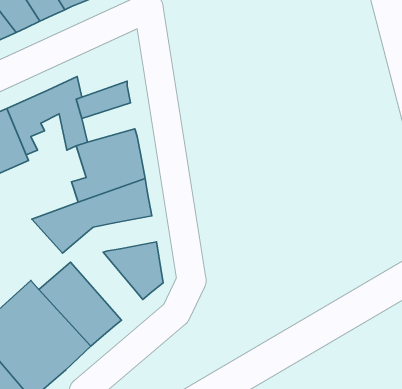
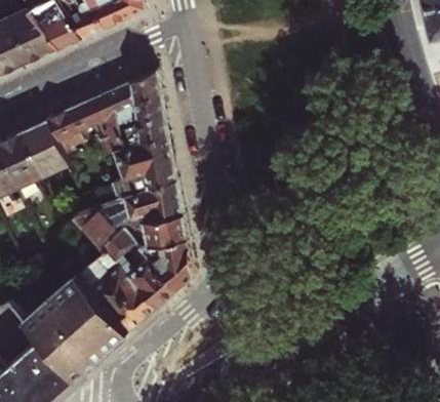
building: none -> [112,72,157,109]
building: none -> [116,114,164,150]
building: none -> [146,216,184,246]
building: none -> [98,231,171,311]

